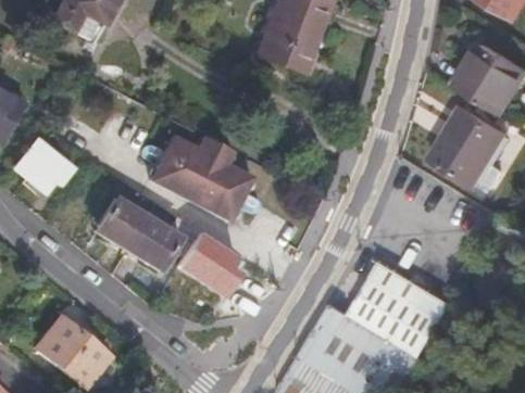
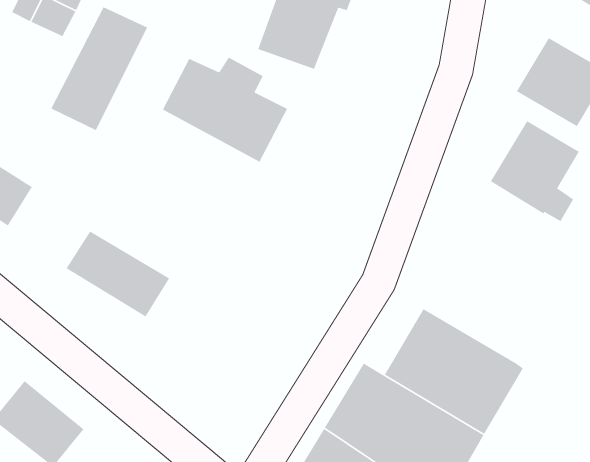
building: none -> [50,6,148,131]
building: [150,136,251,220] -> [162,57,288,163]
building: [179,230,247,292] -> none

